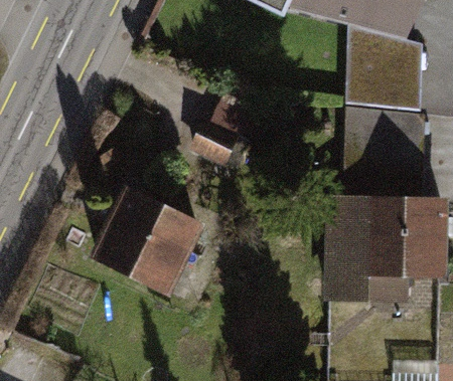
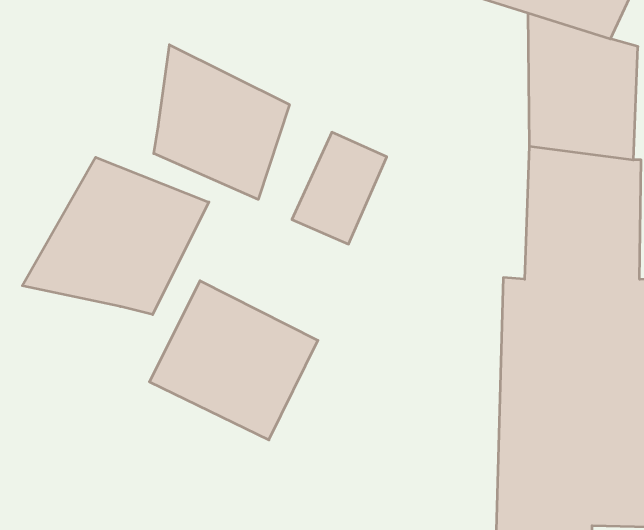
building: none -> [154,45,289,199]
building: none -> [22,157,209,315]

